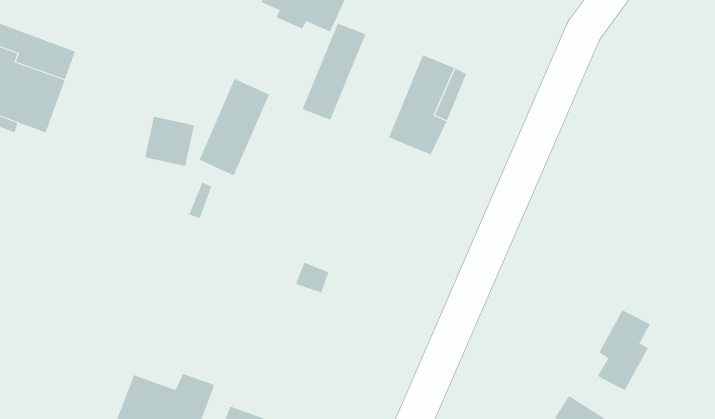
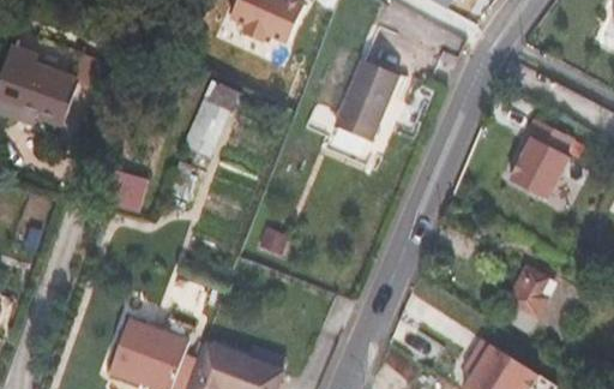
building: [302,23,366,120] -> none
building: [144,116,195,166] -> [109,169,150,210]
building: none -> [506,118,571,199]

